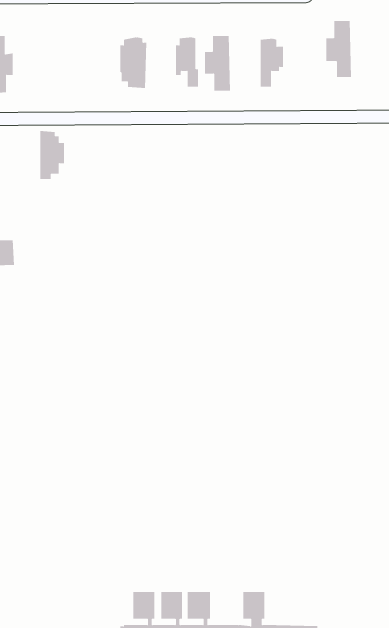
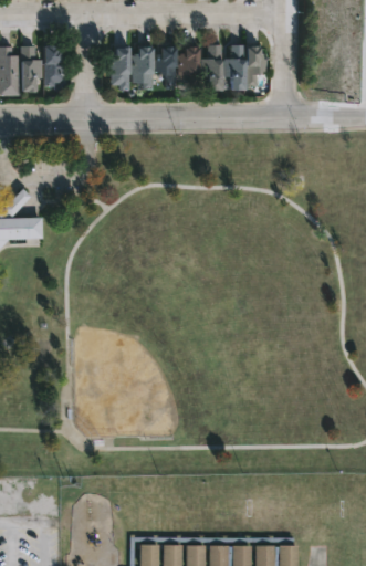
building: [325,20,352,78] -> [222,45,244,93]
building: none -> [104,46,127,91]
building: none -> [151,48,174,90]
building: [40,131,65,180] -> [43,48,64,88]

